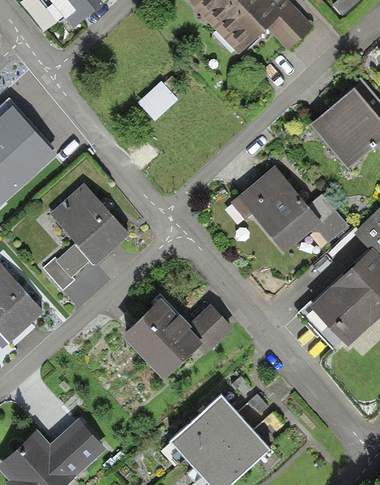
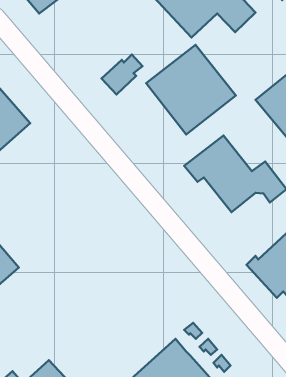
building: none -> [146,45,236,134]
building: [44,184,129,288] -> none
building: [123,301,235,383] -> none

